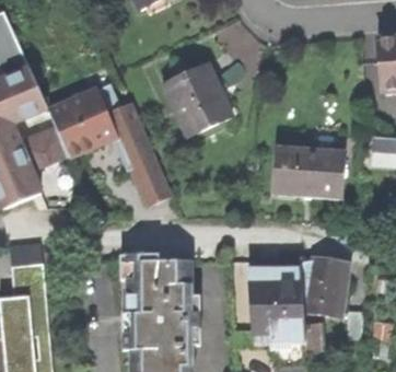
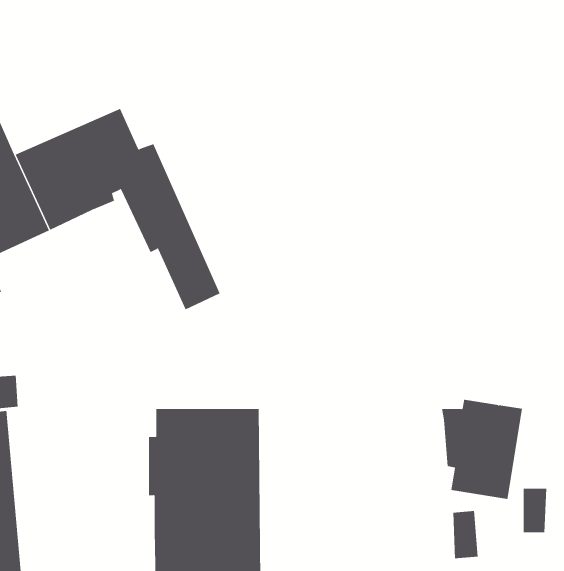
building: [164,72,234,146] -> none
building: [275,147,342,195] -> none
building: [247,267,304,347] -> none

